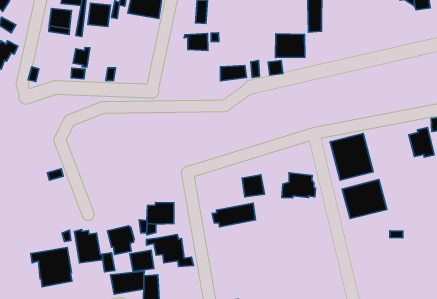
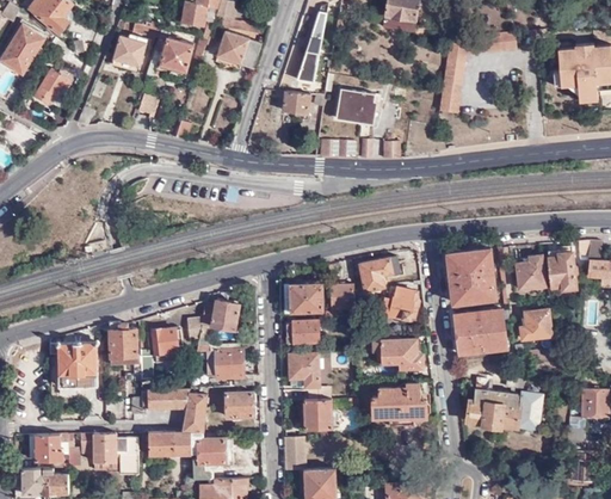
building: [275,34,305,57] -> [335,91,376,125]
building: none -> [516,252,545,290]
building: none -> [360,258,400,292]
building: none -> [521,309,553,340]
building: none -> [285,277,323,313]
building: none -> [374,340,424,369]
building: none -> [289,352,321,388]
building: none -> [468,378,547,436]
building: none -> [372,384,427,426]
building: [130,250,154,271] -> [227,393,254,417]
building: none -> [304,399,337,429]

